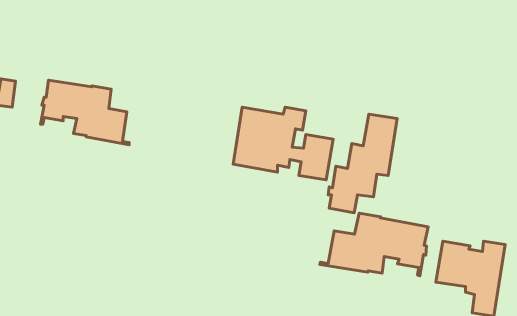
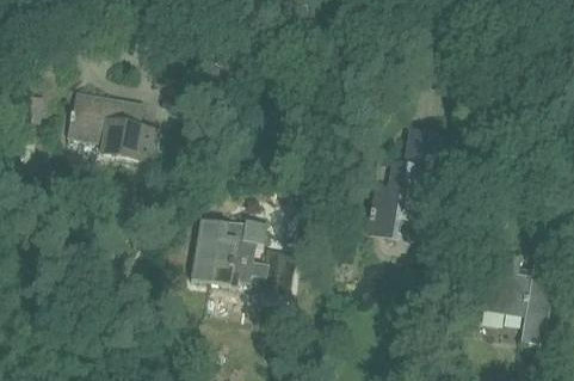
building: [233,107,333,180] -> [190,219,295,295]
building: [320,213,428,276] -> none

